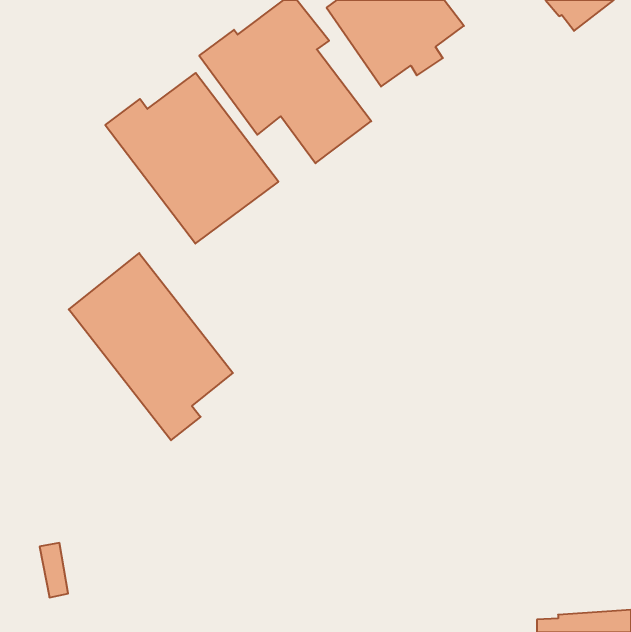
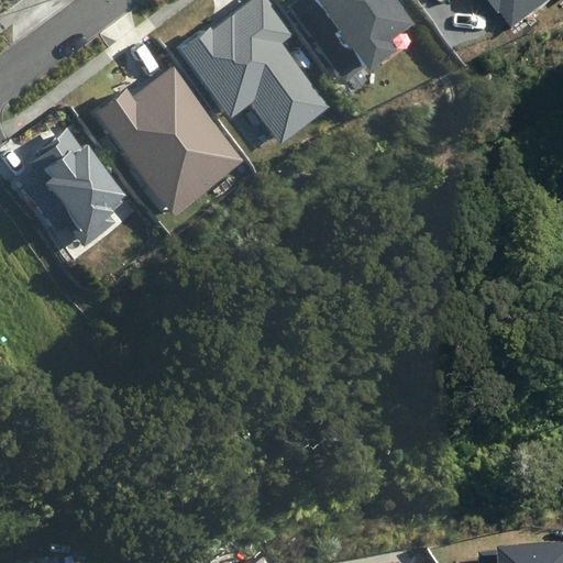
building: none -> [27,125,126,243]
building: [69,253,233,440] -> none

